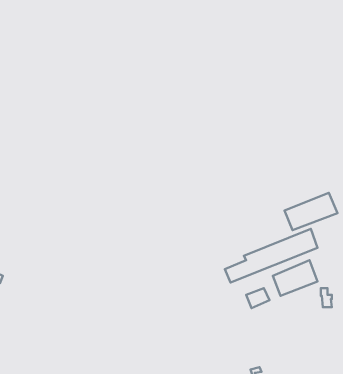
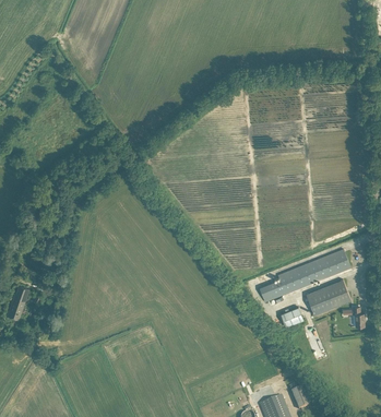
building: [285,193,338,230] -> none

